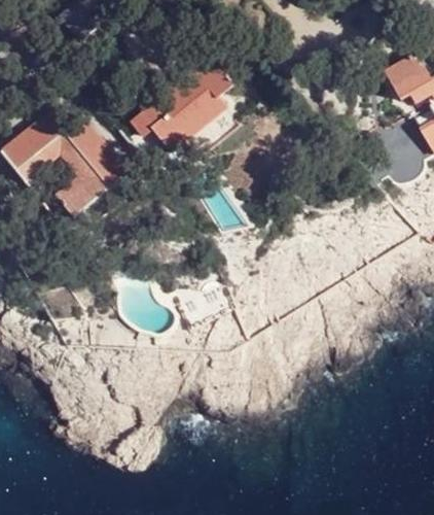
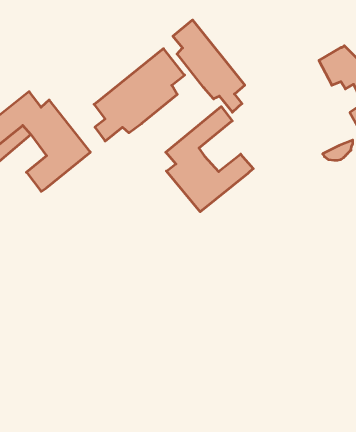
building: none -> [173,20,245,112]
building: none -> [166,107,253,212]

